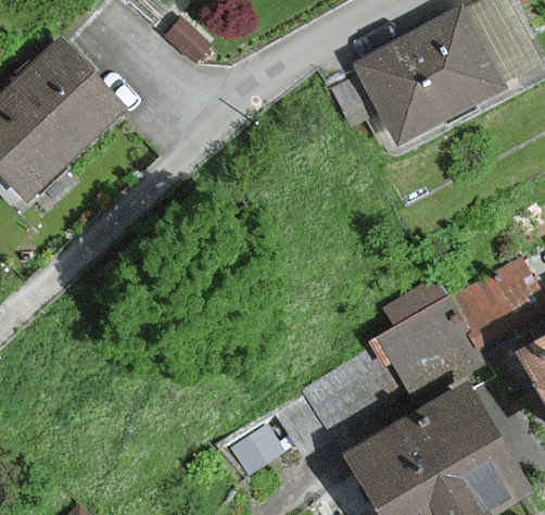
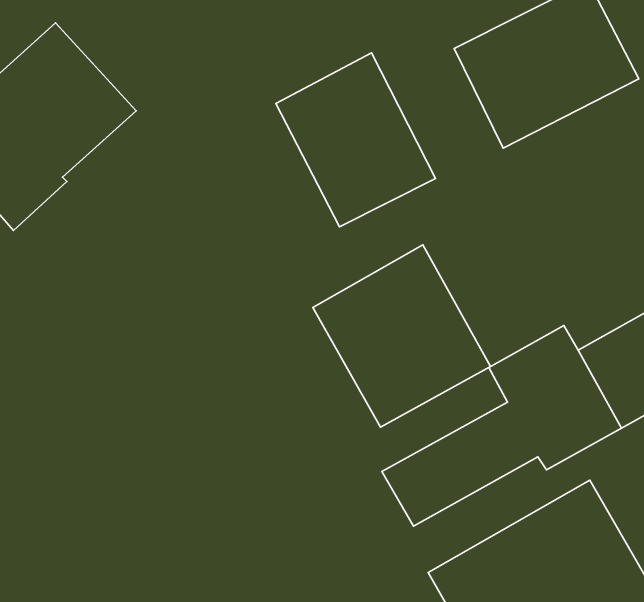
building: none -> [276,53,436,227]
building: none -> [313,245,491,427]

